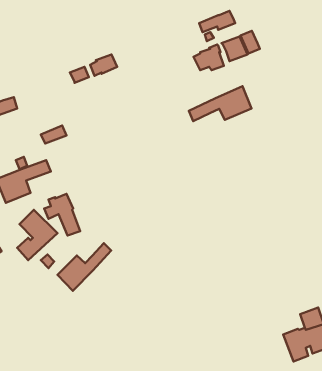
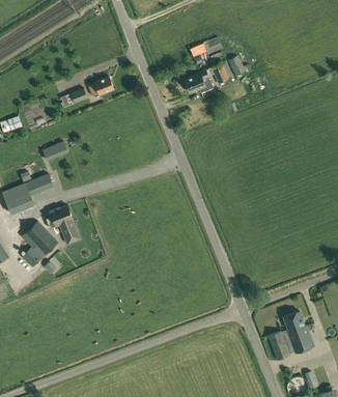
building: [189,86,252,121] -> none
building: [57,243,111,291] -> none

